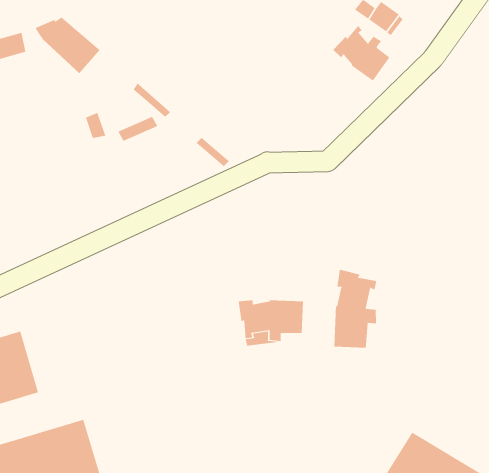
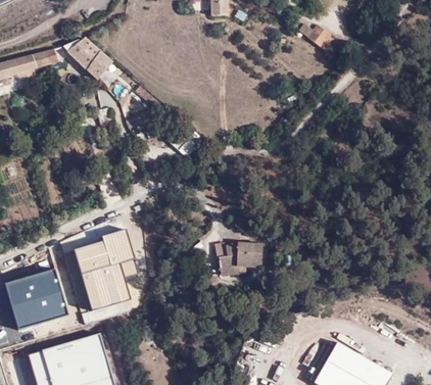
building: [333,25,390,82] -> none
building: [334,269,377,348] -> none
building: none -> [75,229,137,306]

